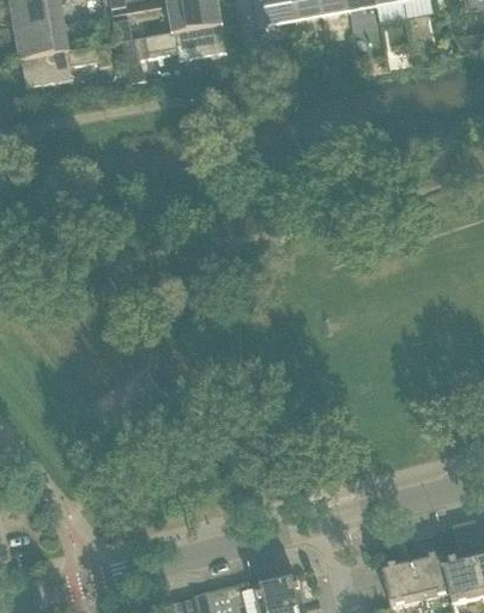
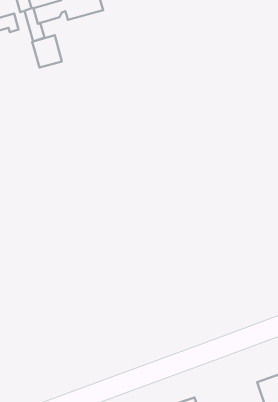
building: none -> [32,35,62,68]

